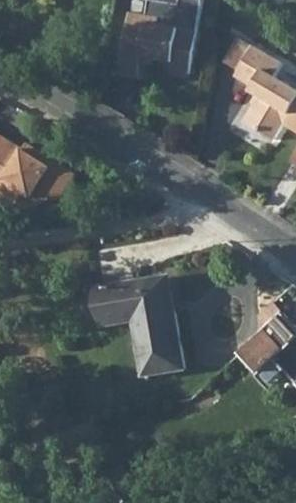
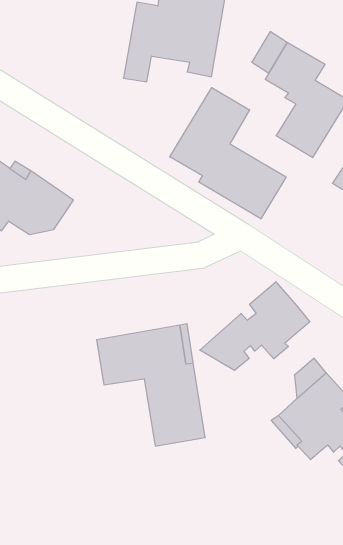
building: none -> [170,88,286,219]
building: none -> [200,282,310,371]

